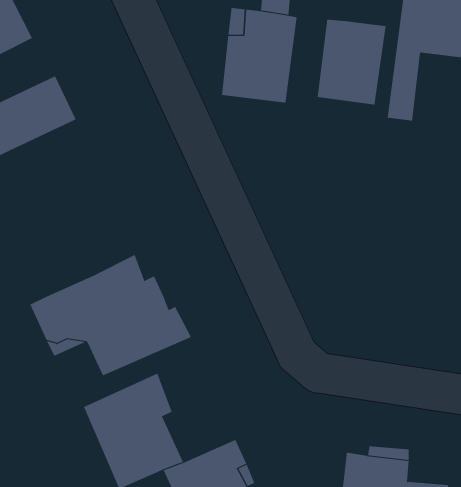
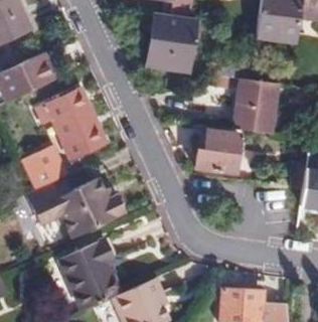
building: [317,19,387,105] -> [230,78,274,132]
building: none -> [40,94,108,162]
building: none -> [194,129,241,171]
building: none -> [23,149,66,190]

